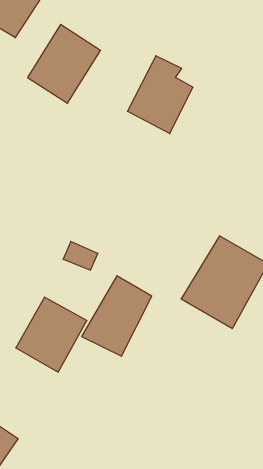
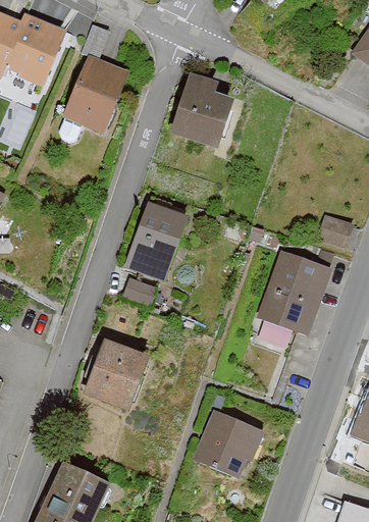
building: [82,276,152,356] -> [119,202,184,283]
building: none -> [196,415,259,480]

